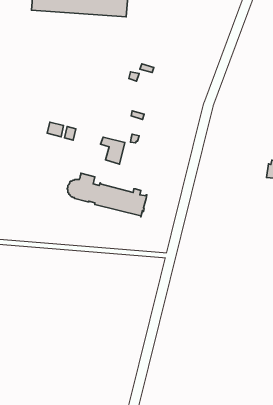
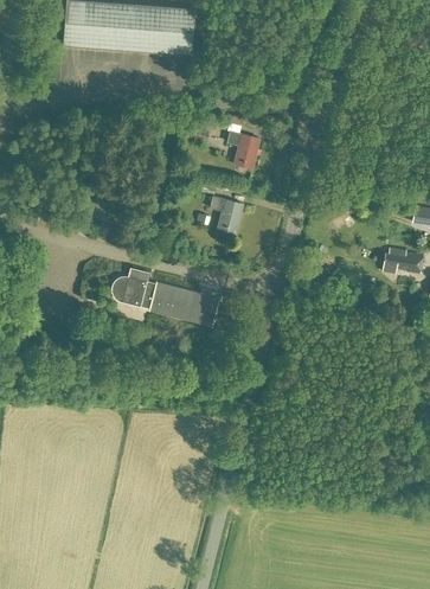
building: none -> [227,132,259,167]
building: [100,137,125,164] -> [210,197,243,233]

